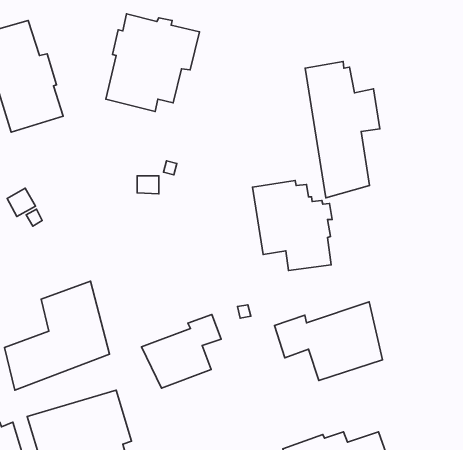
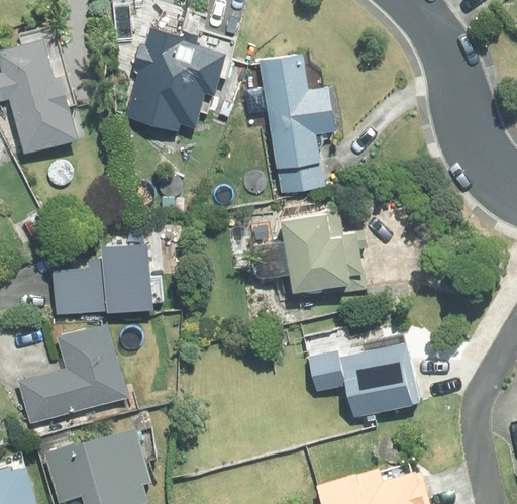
building: [305,62,380,198] -> [256,55,336,200]
building: none -> [50,235,163,316]
building: [141,315,221,388] -> none

